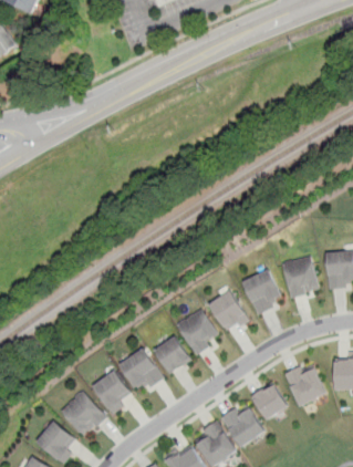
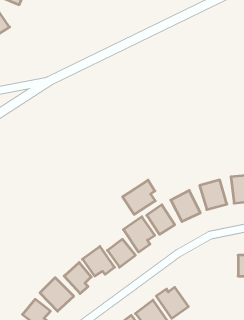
building: none -> [123,180,155,214]
building: [282,364,325,407] -> none
building: [249,383,288,419] -> none

